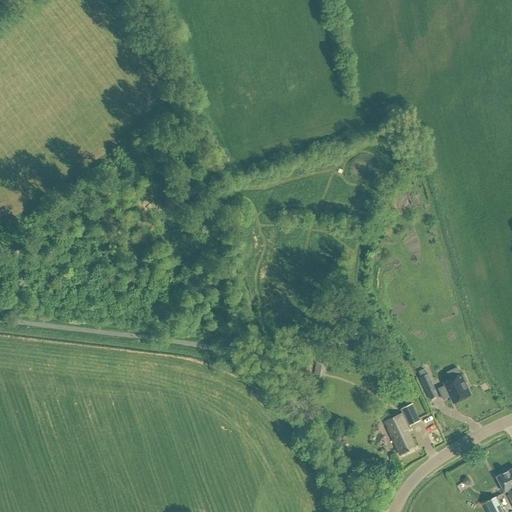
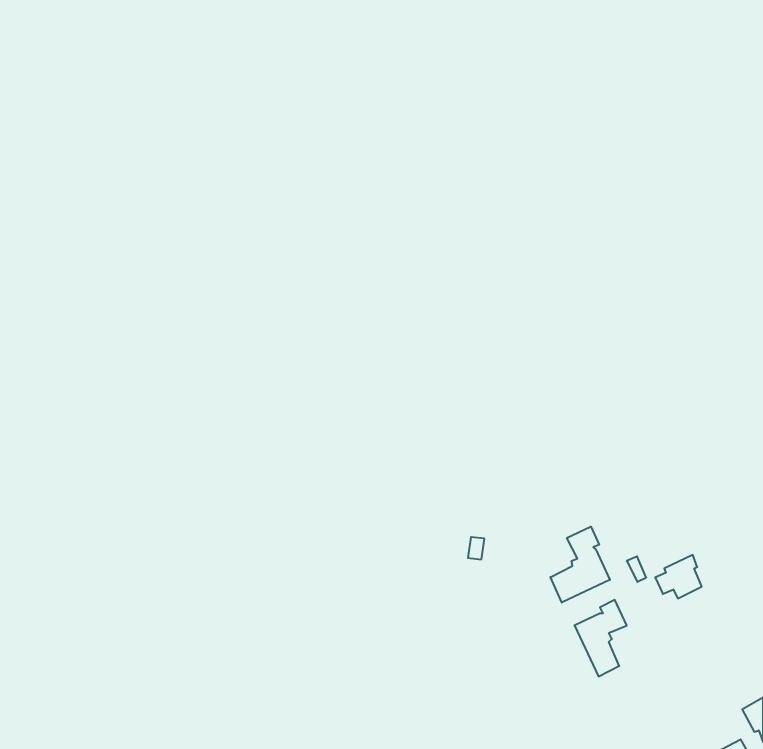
building: none -> [550,527,610,603]

